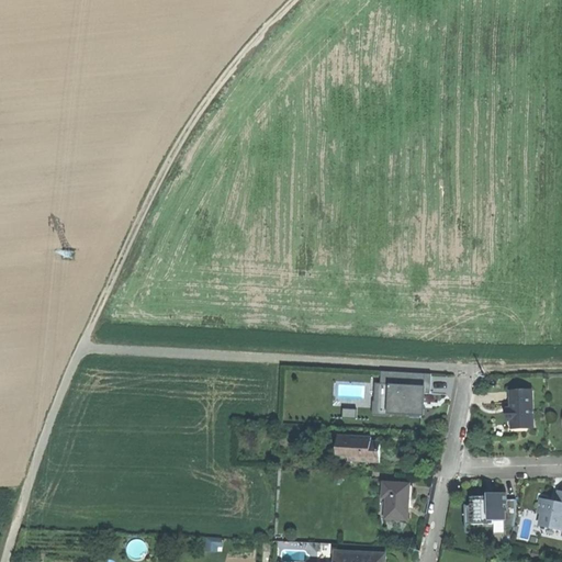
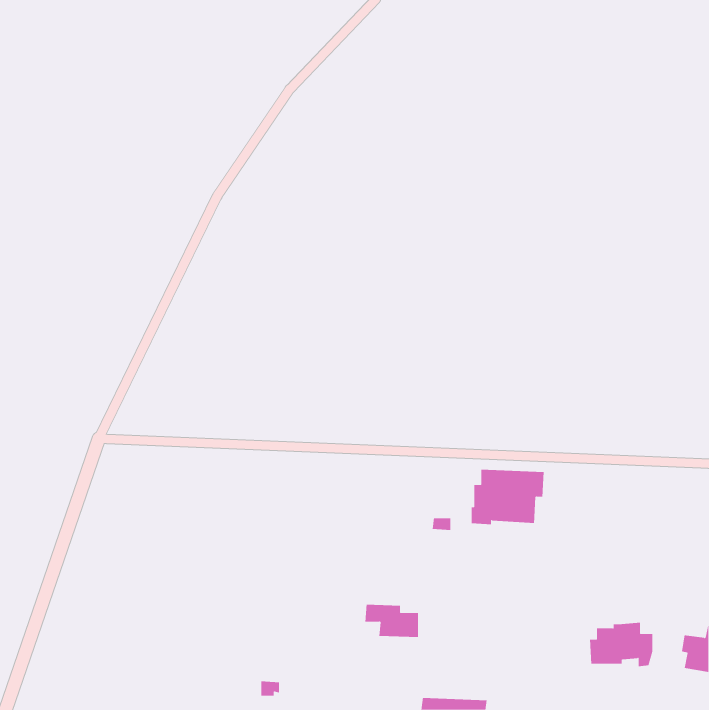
building: [505,392,530,429] -> none
building: [336,437,379,463] -> [365,604,419,637]
building: [382,484,408,520] -> none

